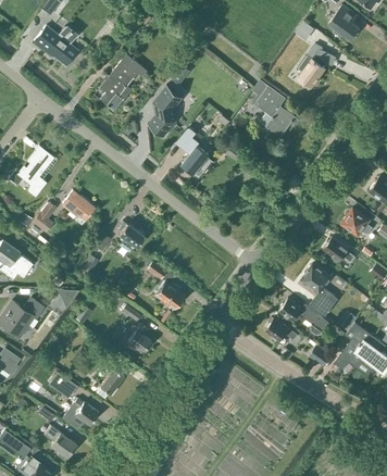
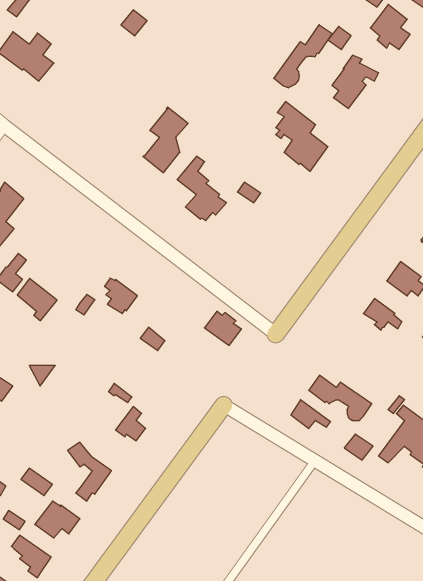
building: none -> [274,25,332,88]
building: [100,55,148,112] -> none
building: [62,191,93,225] -> [17,278,57,321]
building: [301,264,337,315] -> none
building: [154,281,184,309] -> [204,311,241,345]

